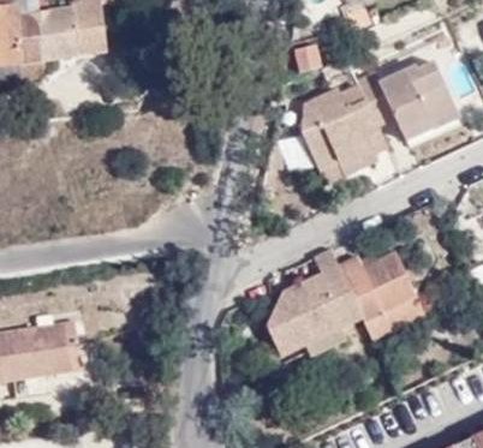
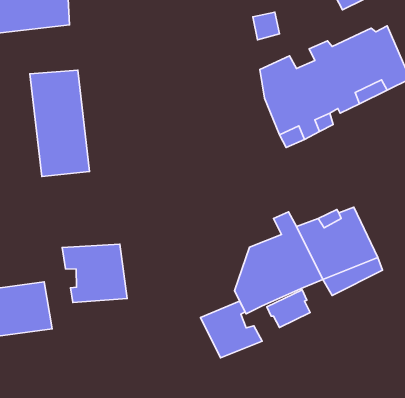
building: none -> [30,70,90,177]
building: none -> [62,244,127,302]
building: none -> [200,301,262,358]

